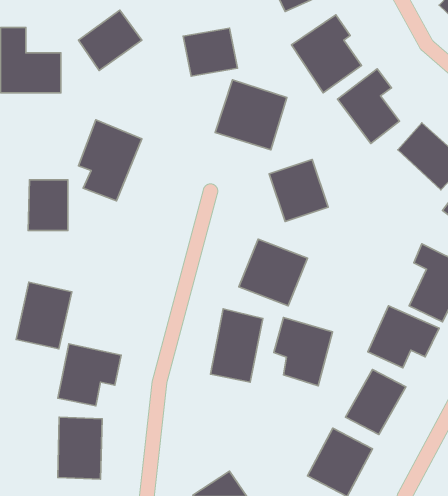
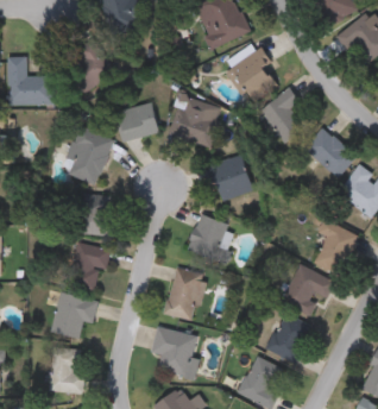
building: [183,28,237,76] -> [116,103,157,139]
building: [28,180,68,231] -> [81,196,111,234]
building: [16,282,72,349] -> [67,243,108,292]
building: [274,317,333,386] -> [151,326,195,377]

